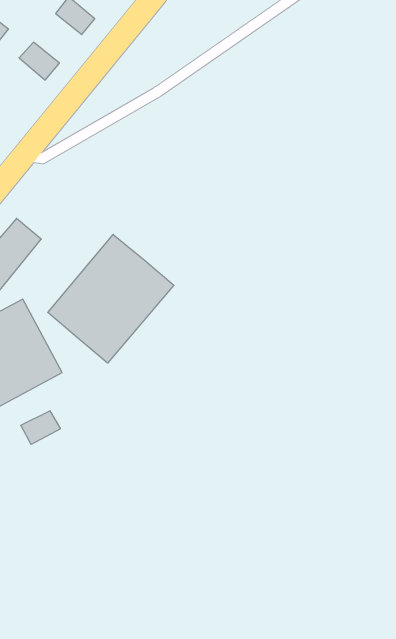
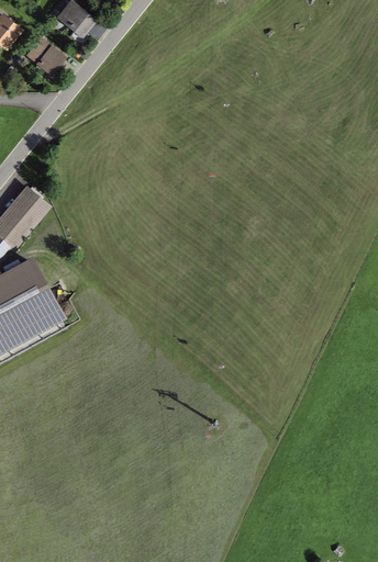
building: [48,234,174,363] -> none
building: [21,411,60,444] -> none

